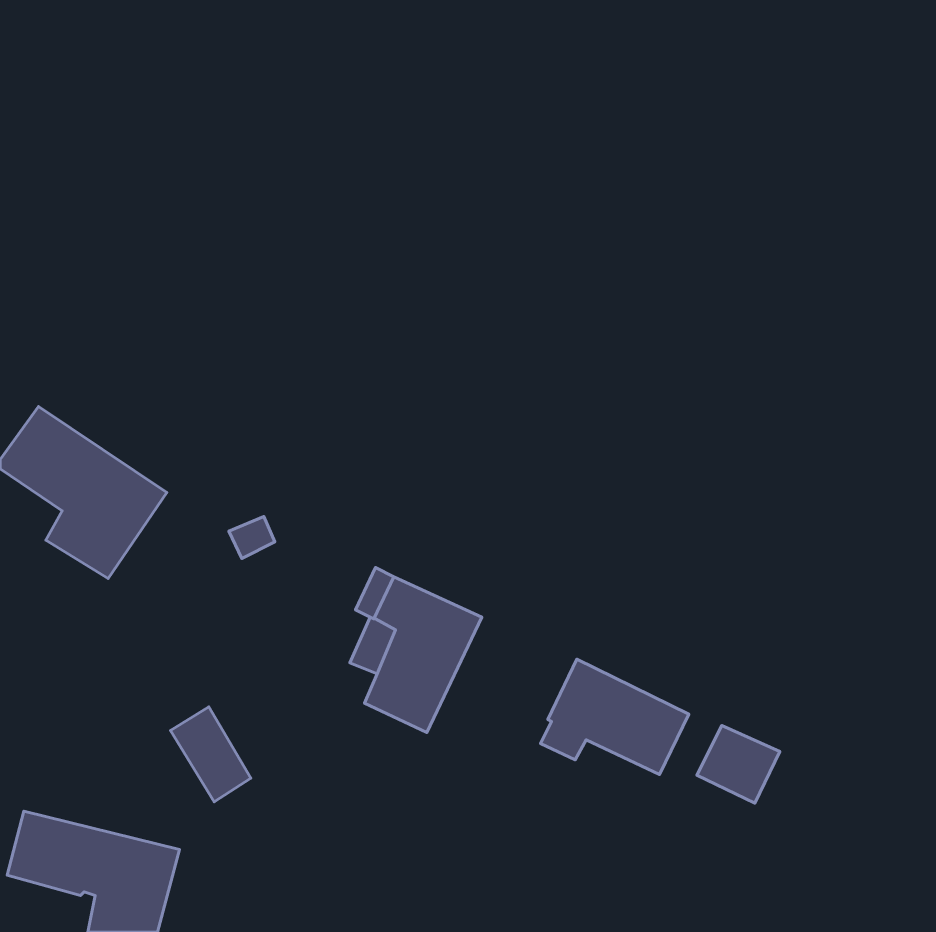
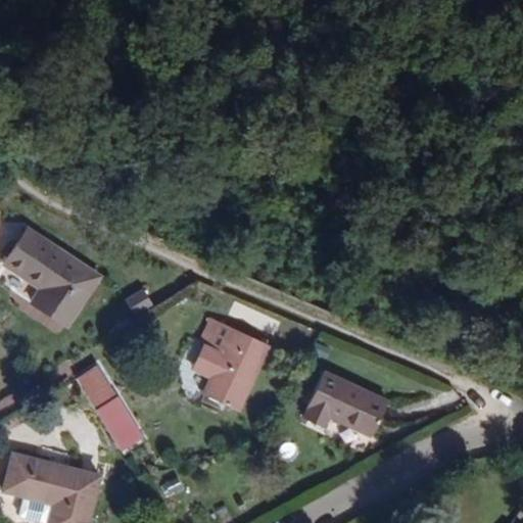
building: none -> [76,363,118,408]
building: [697,726,780,803] -> none

